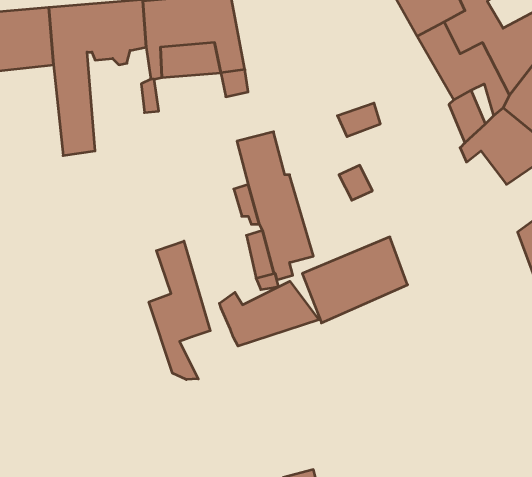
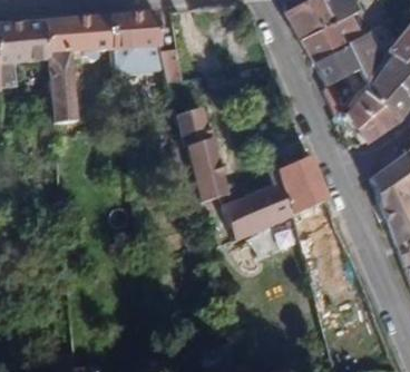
building: none -> [279,154,330,214]
building: [149,241,210,380] -> none
building: [219,281,319,346] -> none

